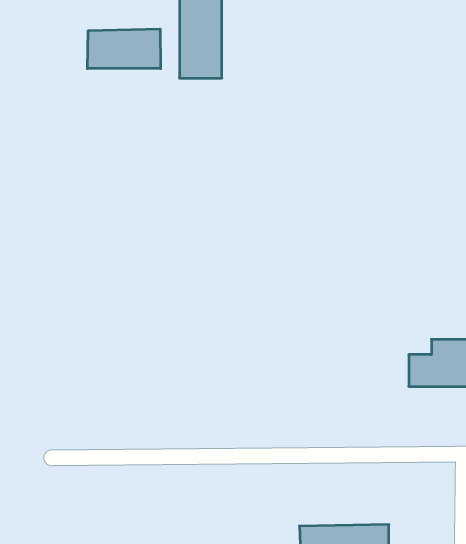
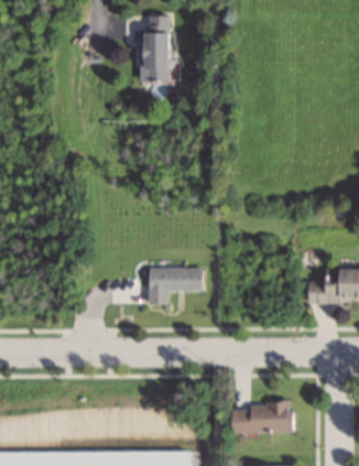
building: [87,29,161,69] -> none
building: none -> [148,268,207,304]

